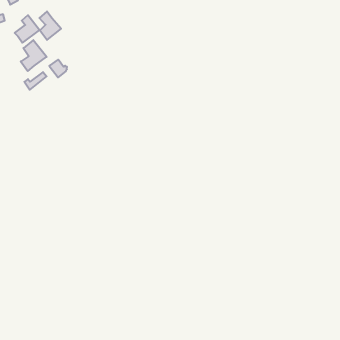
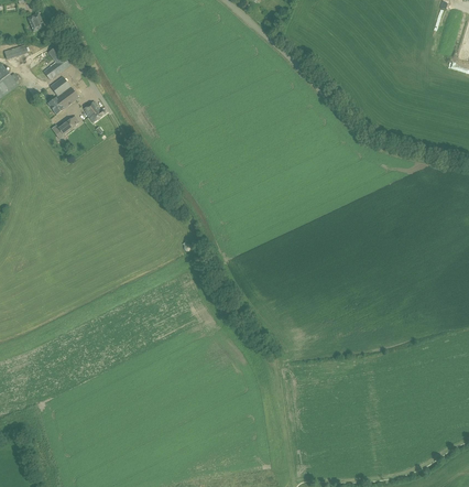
building: [39,11,61,40] -> none

